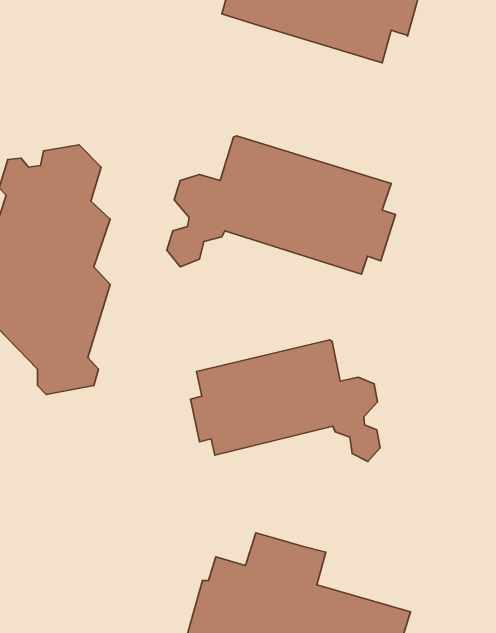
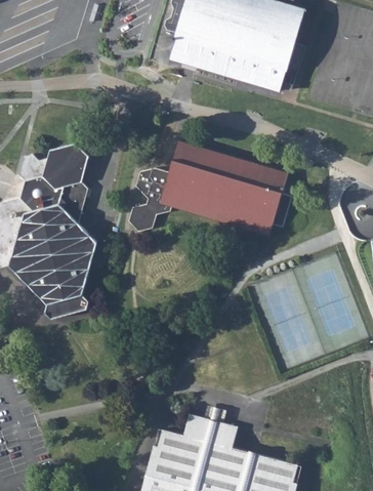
building: [190,340,380,461] -> none

